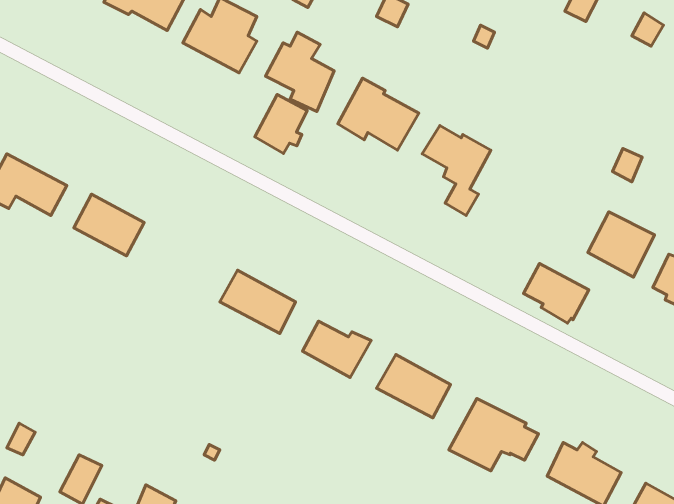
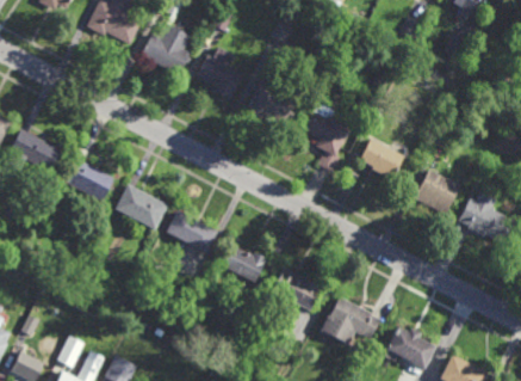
building: [255,94,307,154] -> none
building: none -> [114,183,167,228]
building: [524,263,589,323] -> [359,137,403,178]

